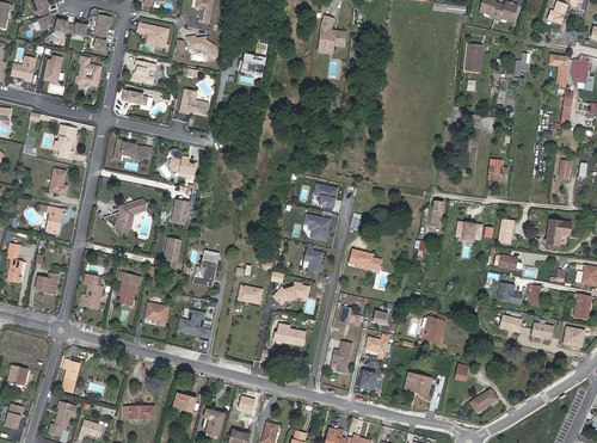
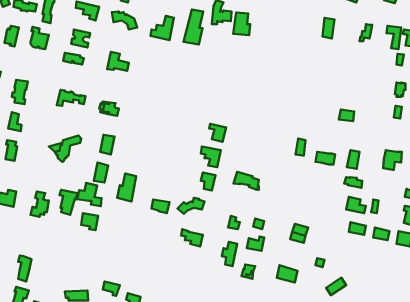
building: none -> [184,10,203,45]
building: none -> [233,13,250,35]
building: [178,309,210,340] -> [77,183,102,206]

